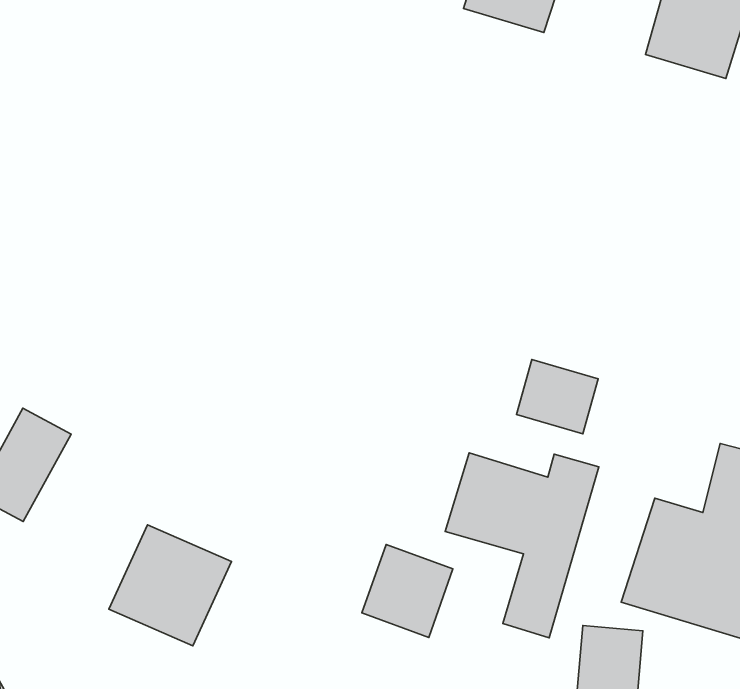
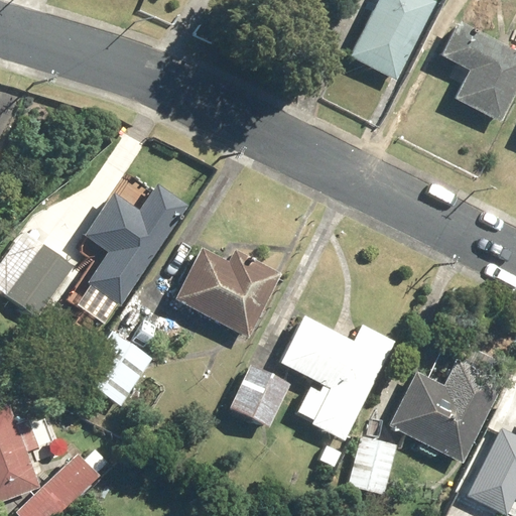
building: none -> [82,186,184,306]
building: none -> [175,241,285,333]
building: [517,359,598,434] -> none

